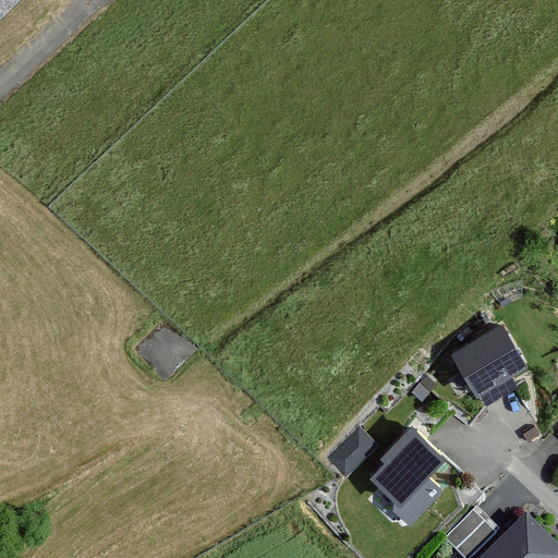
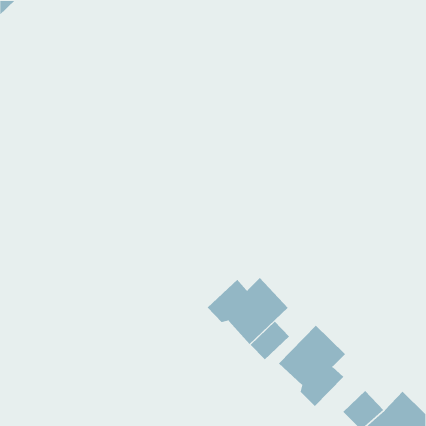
building: [450,325,527,399] -> none
building: none -> [207,277,289,345]

